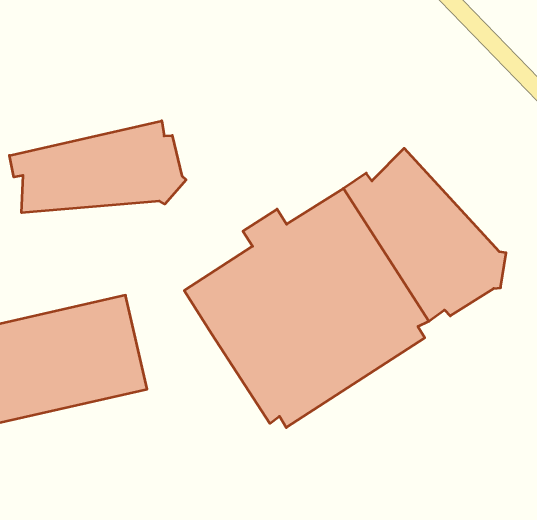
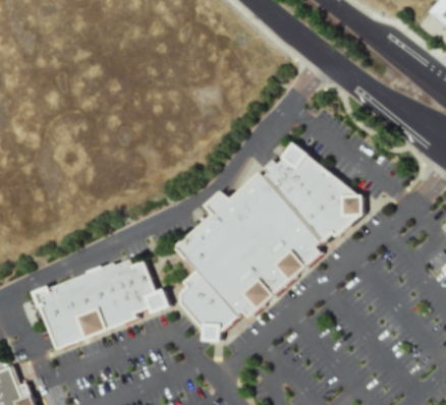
building: [9,121,186,213] -> none
building: none -> [180,270,239,343]

